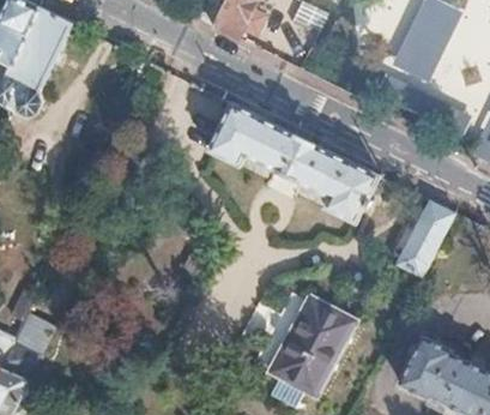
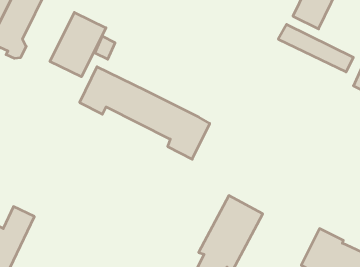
building: none -> [50,12,106,77]
building: [210,102,380,223] -> [80,67,210,159]
building: [397,200,454,276] -> none

